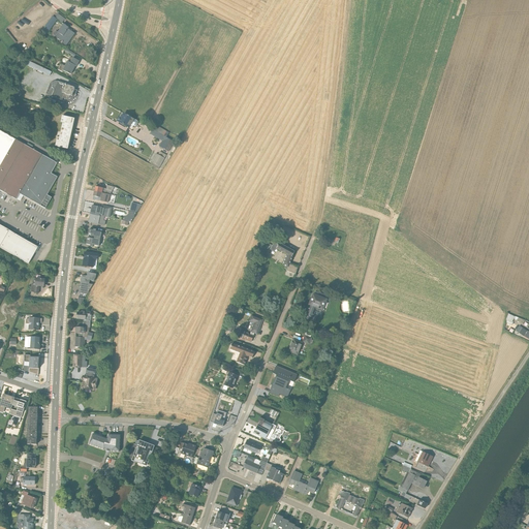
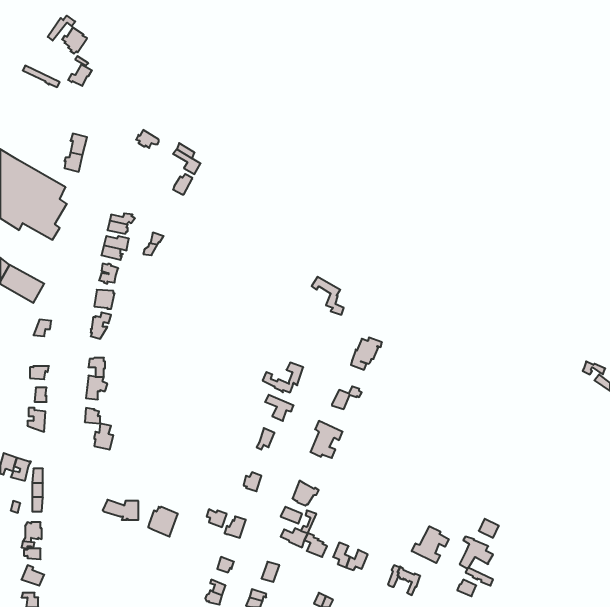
building: [46,81,76,101] -> none
building: none -> [412,526,449,563]

